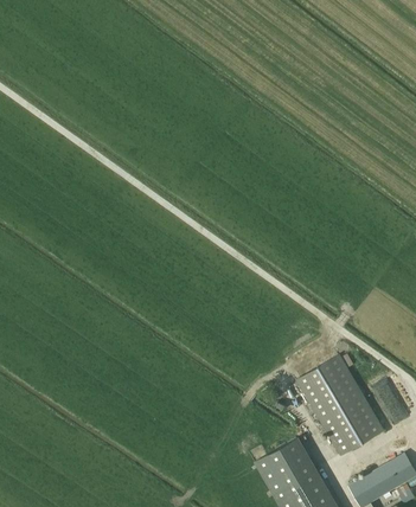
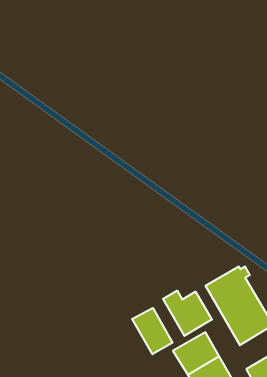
building: none -> [163,291,212,336]
building: none -> [132,308,173,354]

